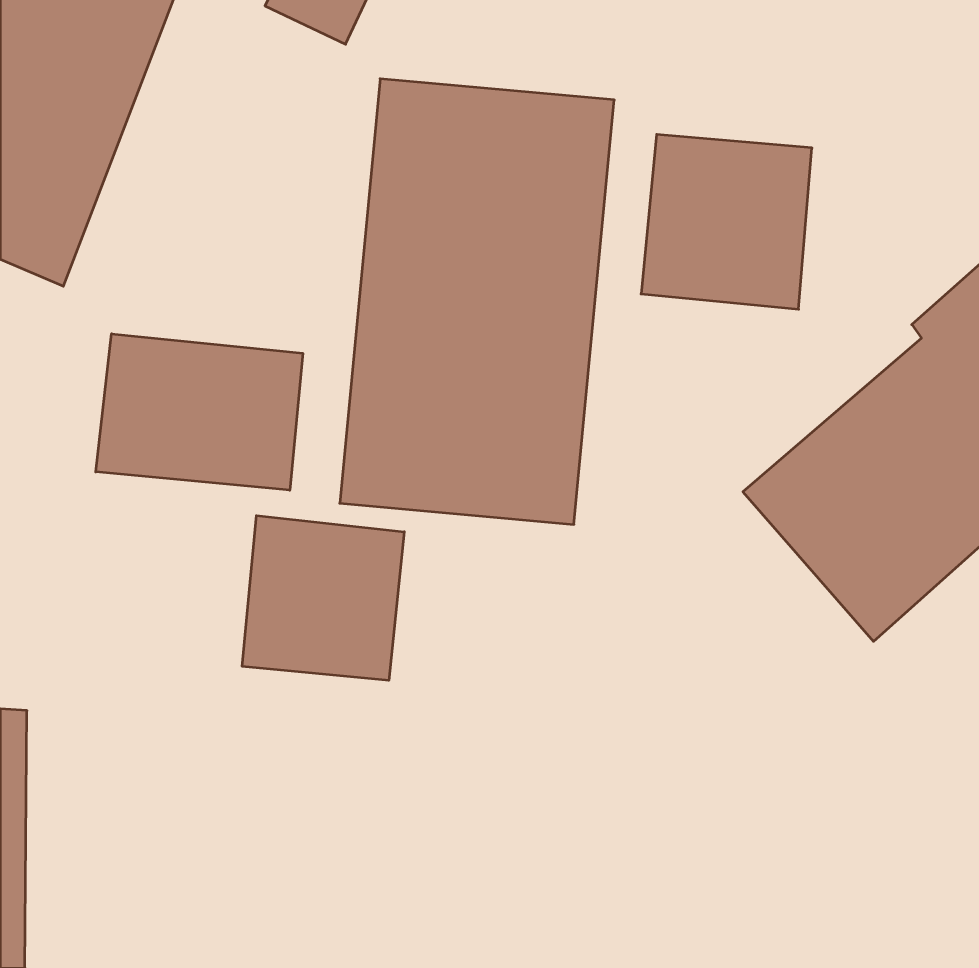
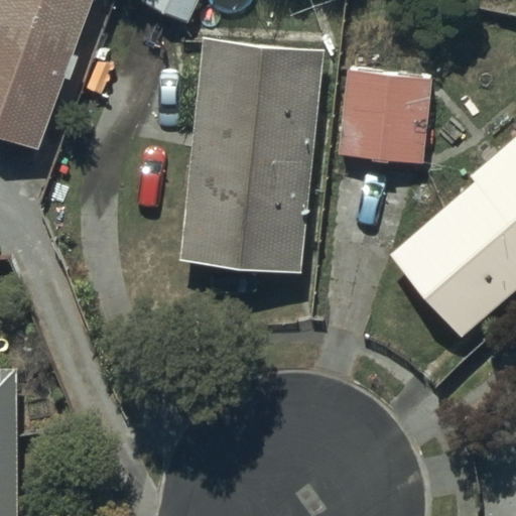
building: [96,334,303,490] -> none
building: [242,516,404,680] -> none

